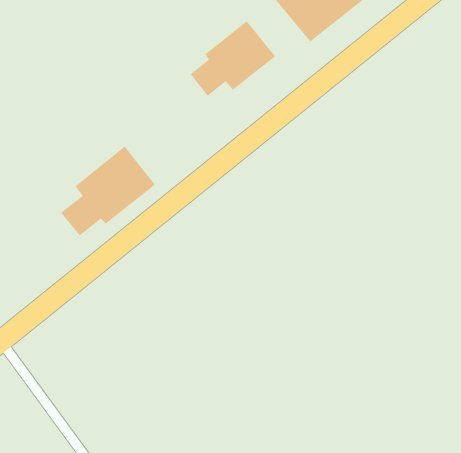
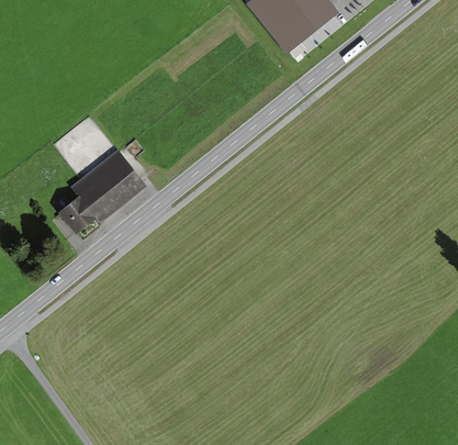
building: [190,20,276,97] -> none

